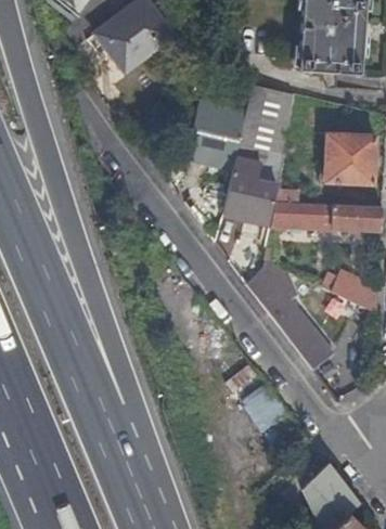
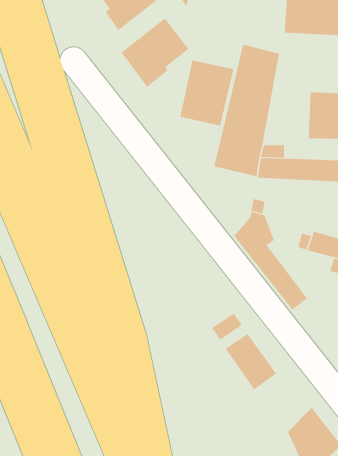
building: none -> [121,18,189,88]

